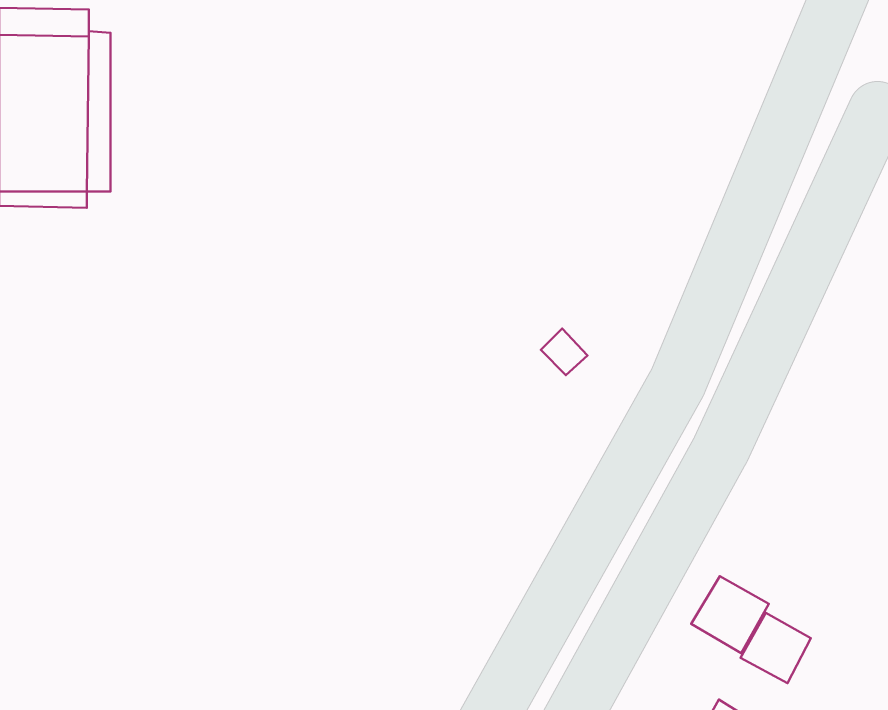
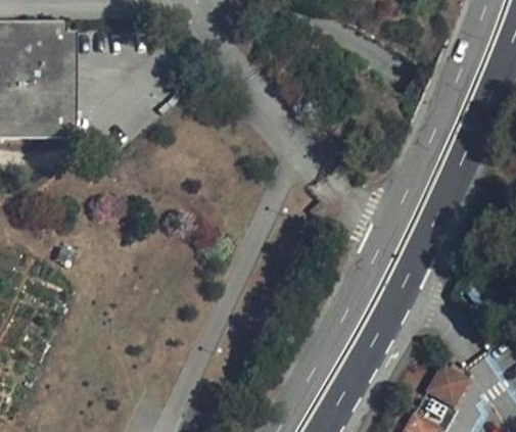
building: [691,576,769,653] -> none

